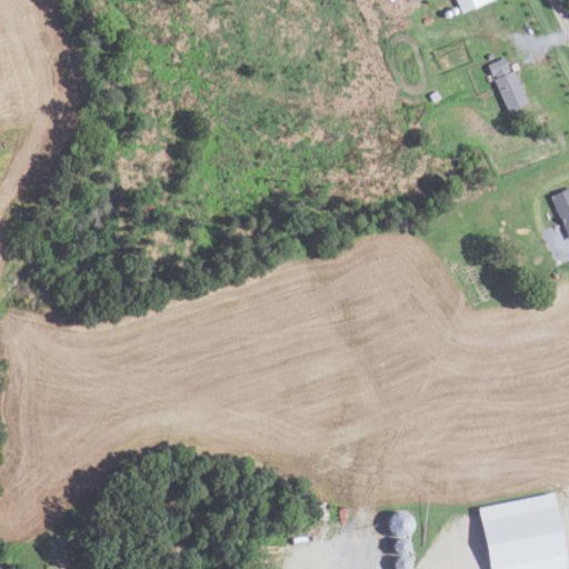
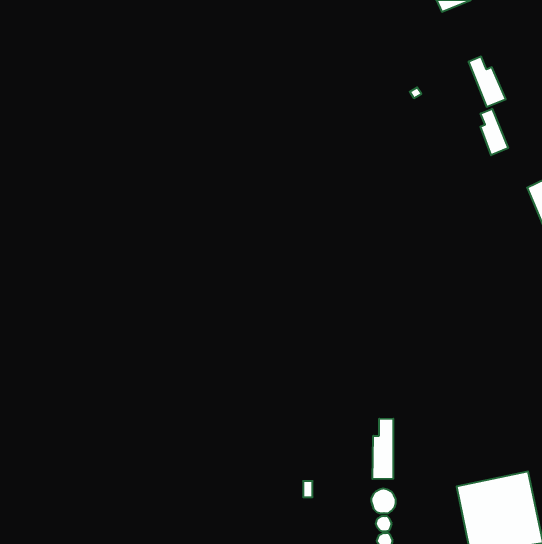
building: none -> [480,109,508,155]
building: none -> [372,419,393,479]

